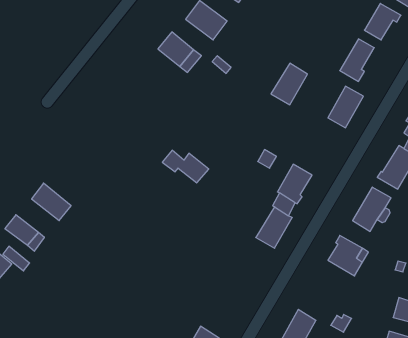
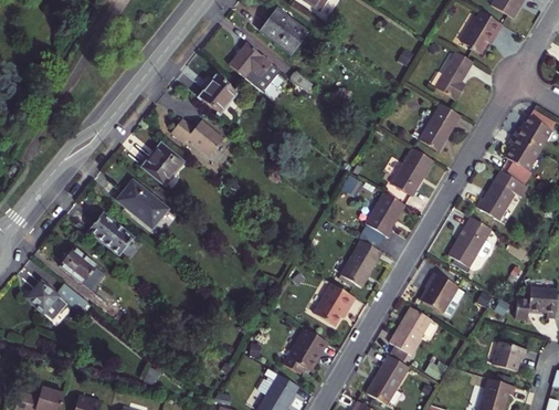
building: none -> [200,76,234,111]
building: [271,63,307,105] -> [390,149,431,196]
building: none -> [144,146,181,182]
building: [162,150,209,183] -> [170,118,222,155]
building: none -> [117,180,166,227]
building: none -> [313,284,354,325]
building: none -> [389,306,432,356]
building: none -> [282,328,328,374]

